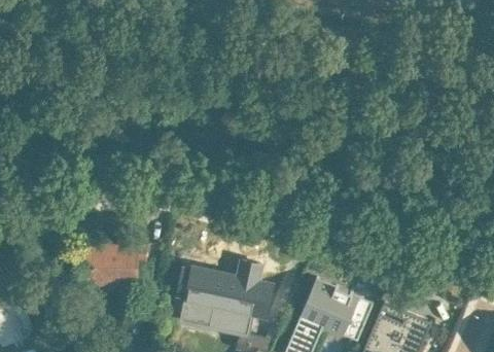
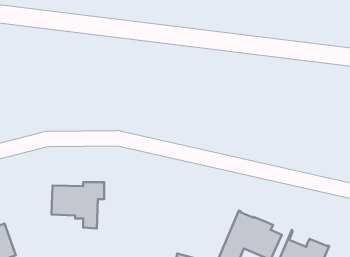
building: [178,261,273,327] -> none

